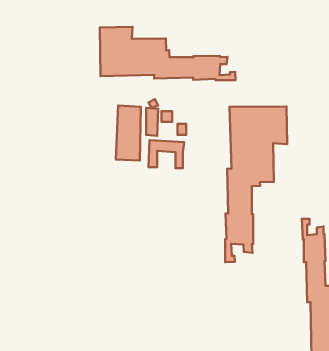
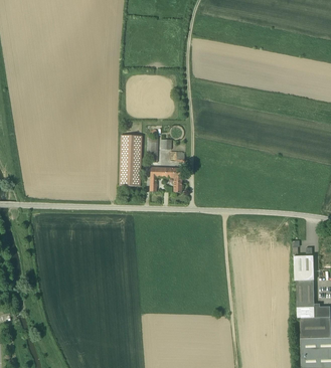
building: [100,27,235,80] -> none
building: [225,106,287,262] -> none

